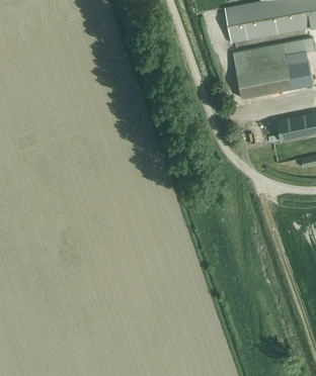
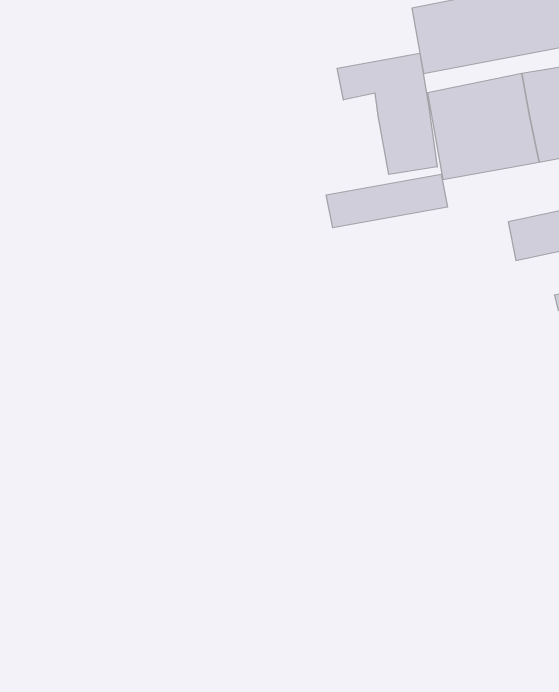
building: none -> [337,53,437,174]
building: none -> [326,174,448,228]

